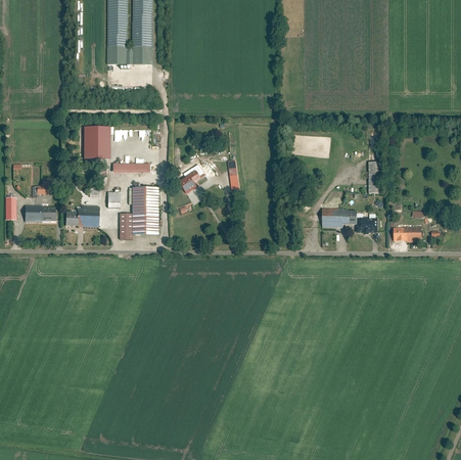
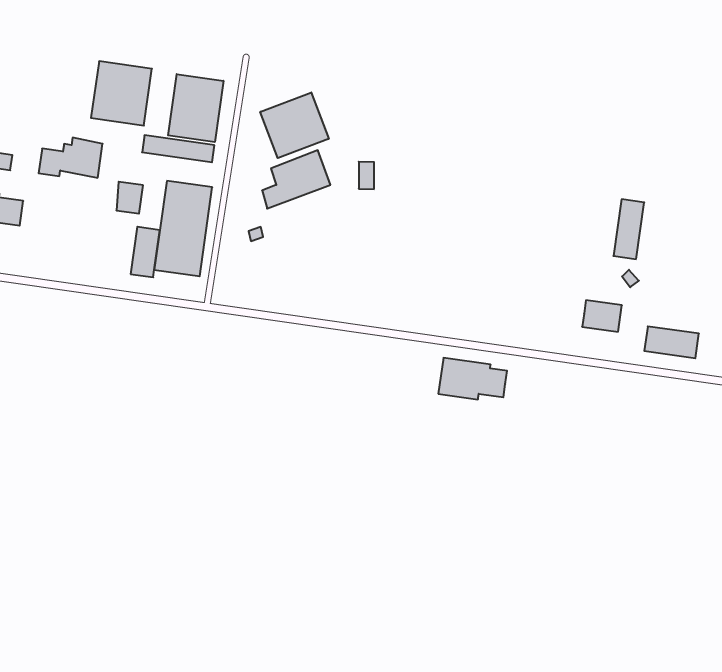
building: none -> [260,92,329,158]
building: none -> [168,74,223,142]
building: [67,208,99,229] -> [39,138,103,178]
building: [324,209,359,228] -> [438,358,507,399]

